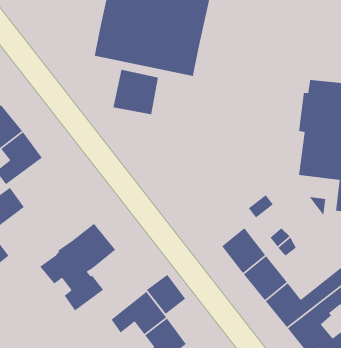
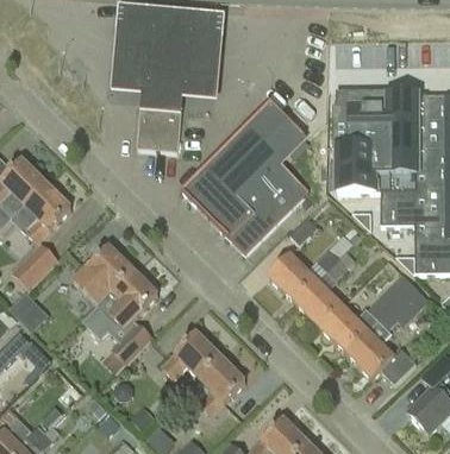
building: none -> [182,101,310,253]
building: none -> [75,245,133,302]
building: [146,274,186,315] -> none

